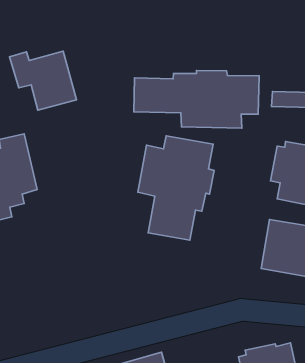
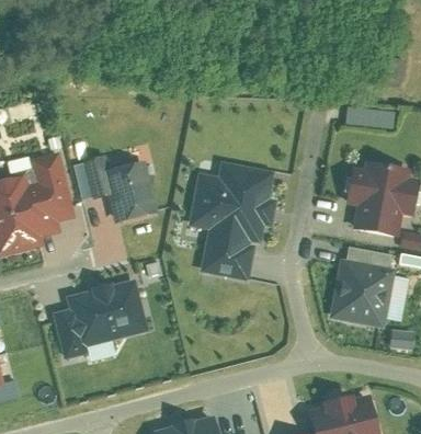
building: [10,51,76,110] -> [80,163,158,232]
building: [134,70,259,128] -> none
building: none -> [52,276,150,358]

